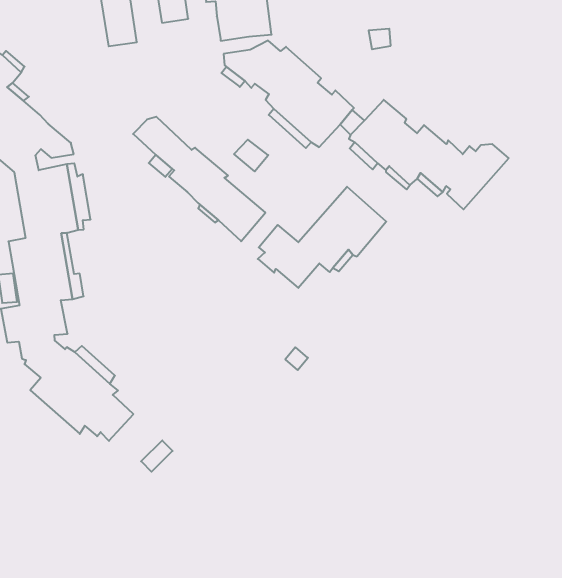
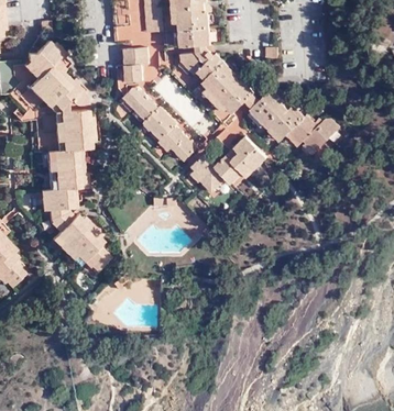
building: none -> [124,47,149,81]

